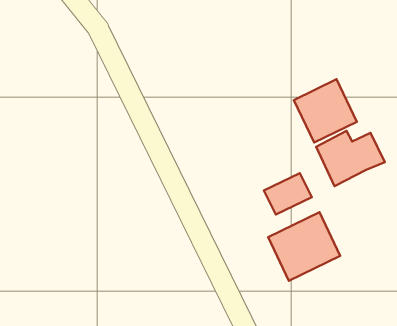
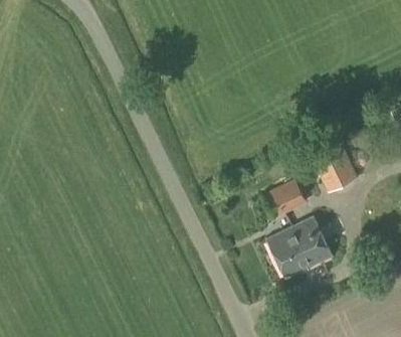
building: [294,79,357,143] -> none

